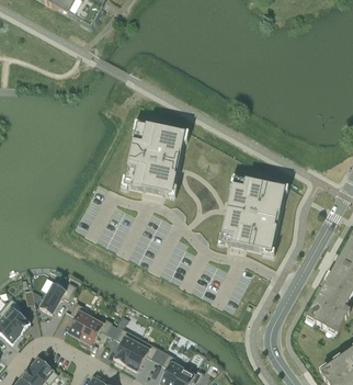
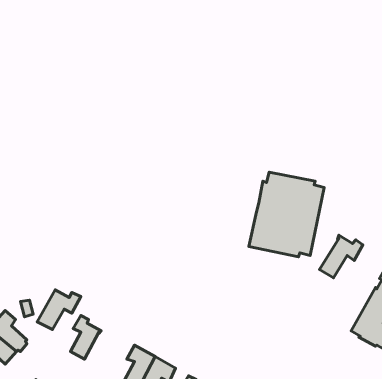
building: [125,123,183,194] -> none
building: none -> [319,235,363,278]
building: [79,315,111,346] -> none

